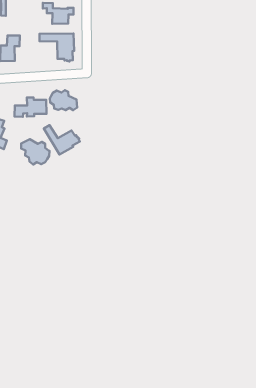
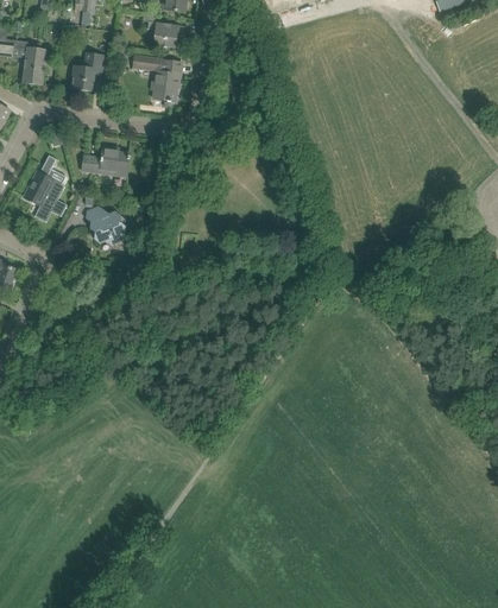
building: [50,90,77,110] -> none
building: [44,125,80,155] -> none

